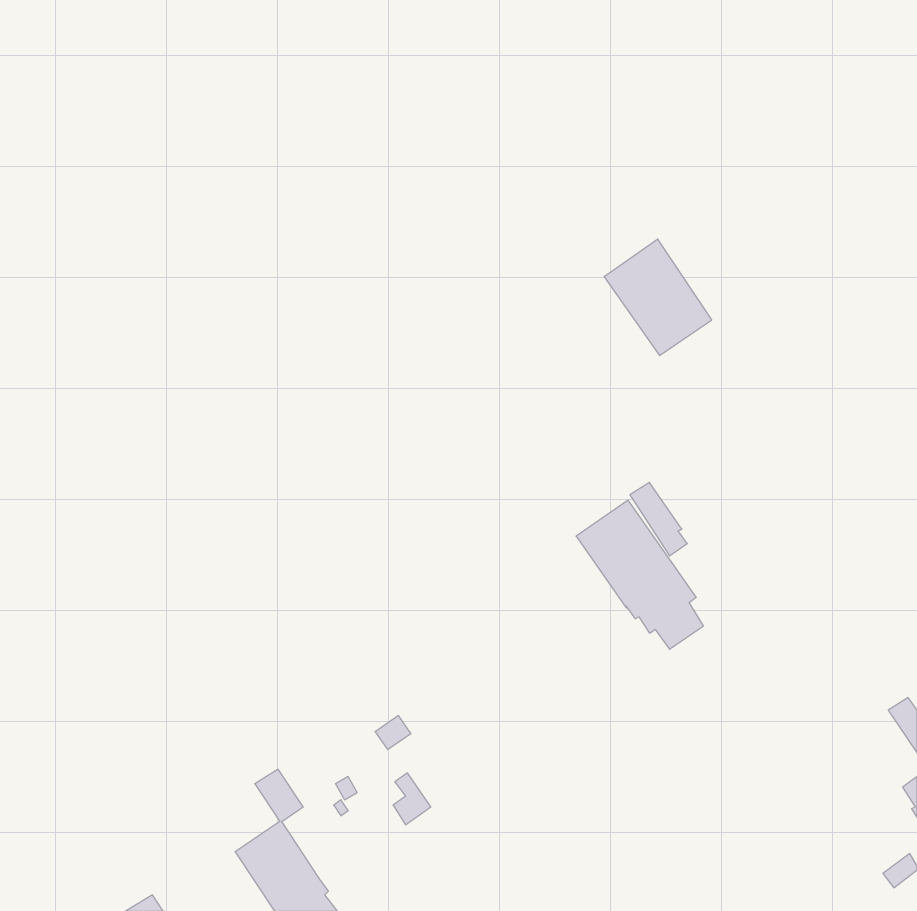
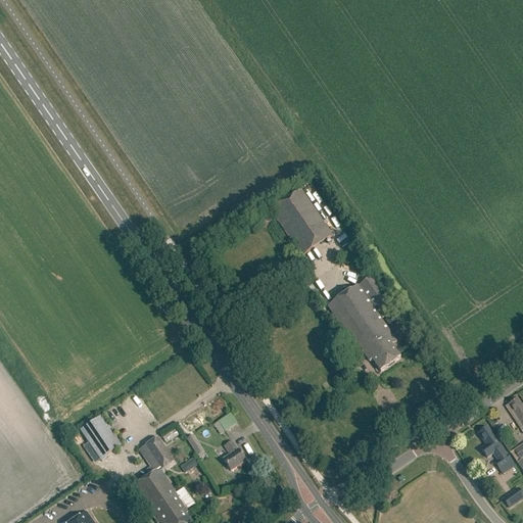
building: [604,239,712,356] -> [271,188,332,254]
building: none -> [80,414,122,458]
building: none -> [478,426,512,468]

